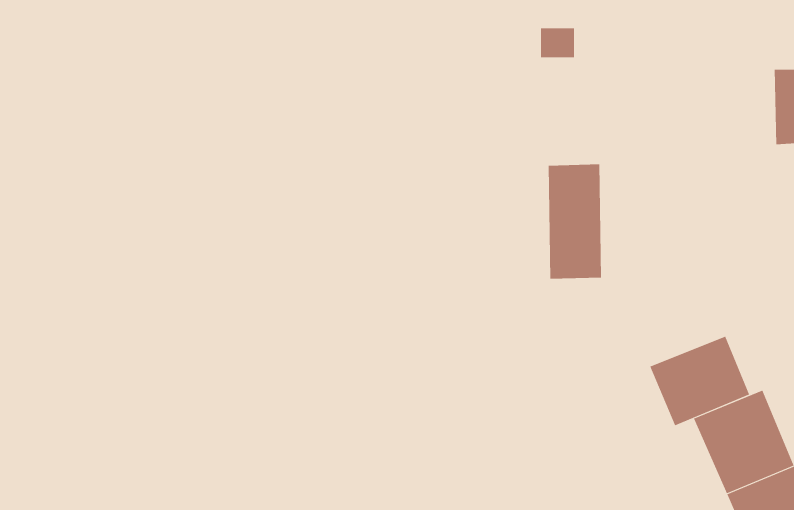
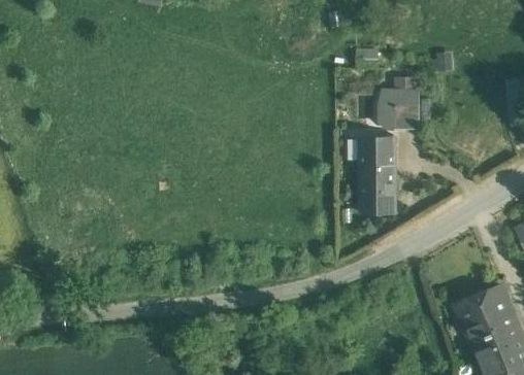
building: none -> [375,88,420,129]
building: [650,336,750,426] -> none

